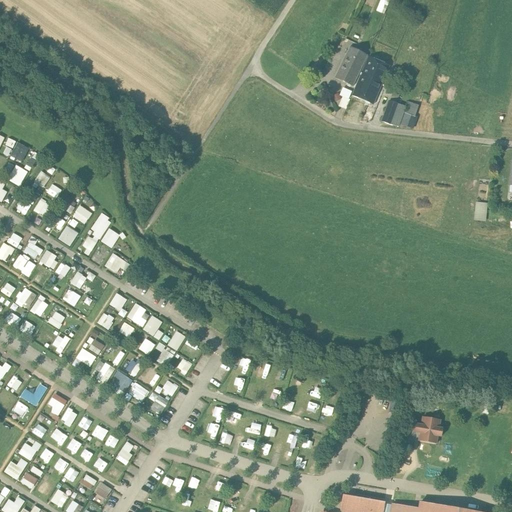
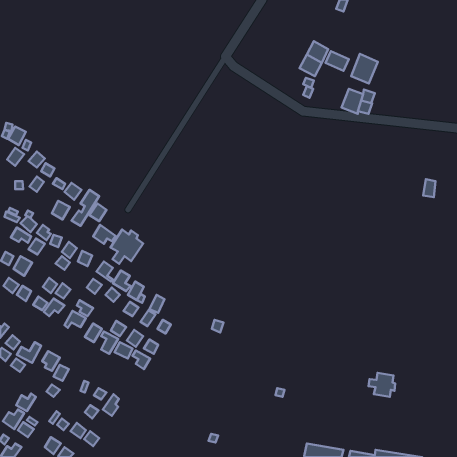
building: [354,70,384,103] -> [351,54,378,83]
building: none -> [111,230,143,264]

